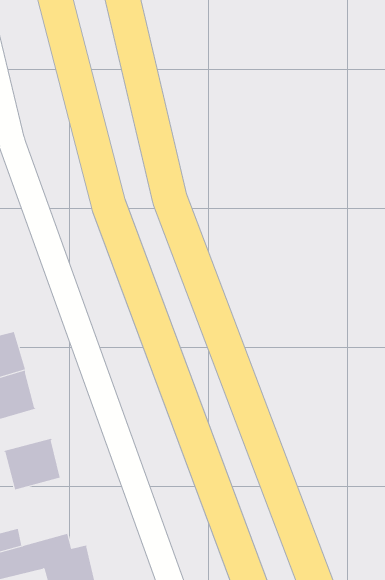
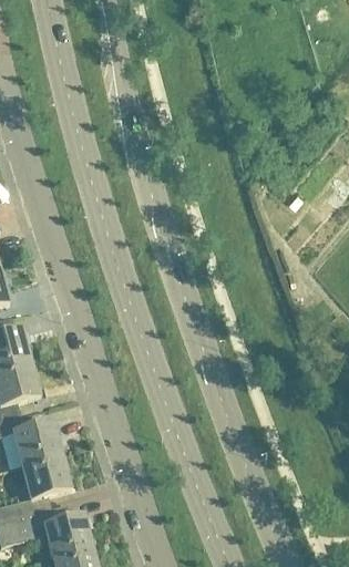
building: none -> [20,454,70,501]

